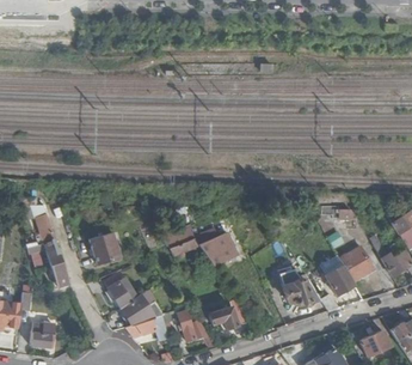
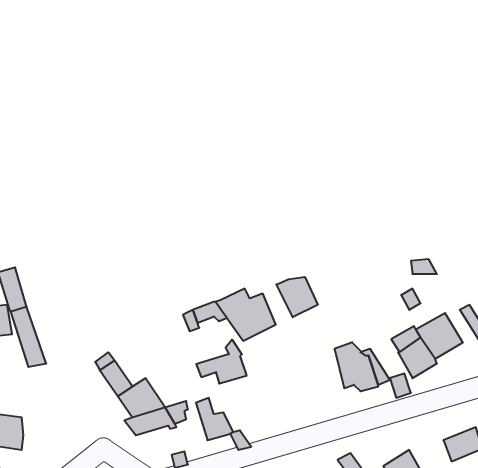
building: none -> [276,277,318,317]
building: [88,232,121,264] -> none
building: [210,296,247,328] -> [196,340,247,384]

